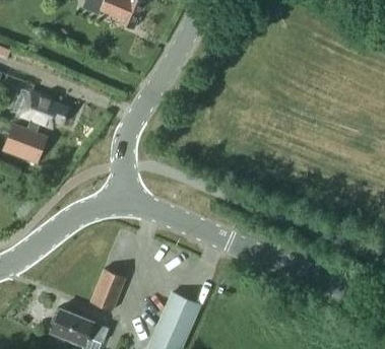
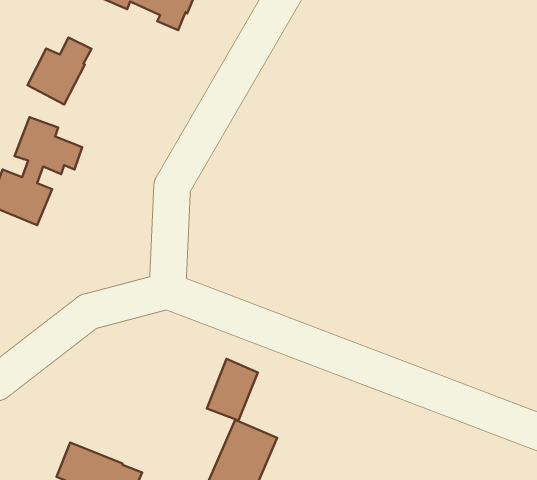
building: none -> [28,37,92,104]
building: [89,268,124,309] -> [207,359,258,420]

